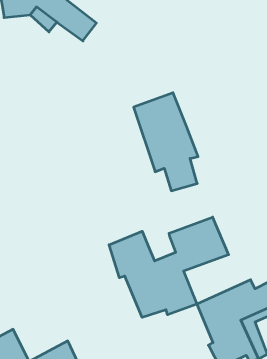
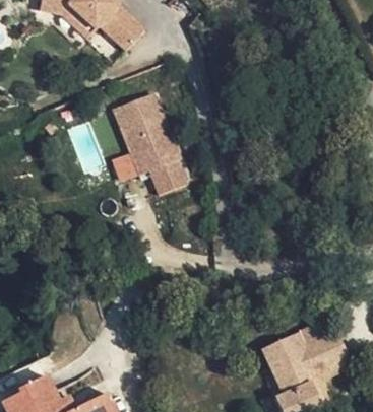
building: [134,93,198,191] -> [107,90,180,201]
building: [109,217,229,317] -> none

